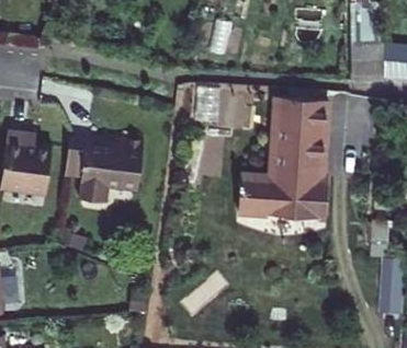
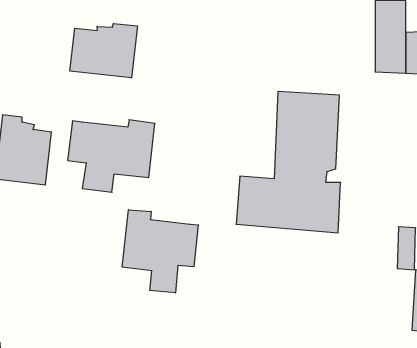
building: none -> [70,23,137,78]
building: none -> [122,210,198,293]

